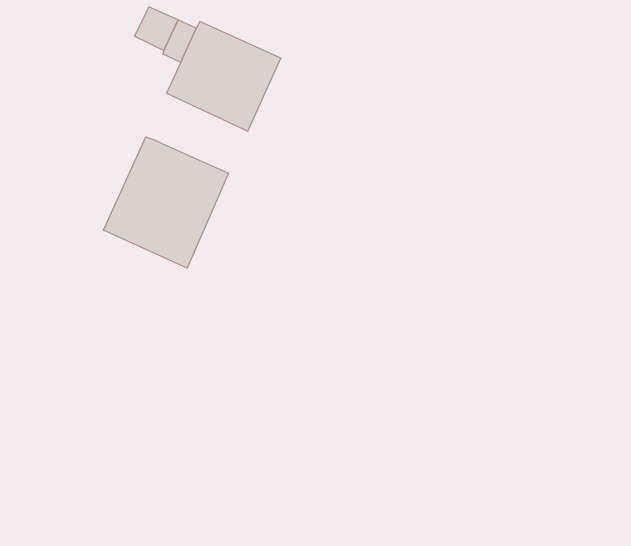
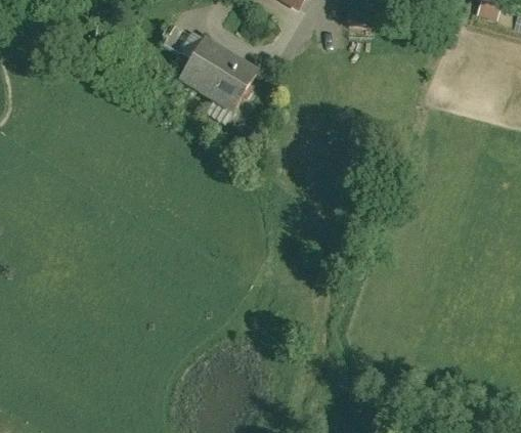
building: [103,137,229,268] -> none

